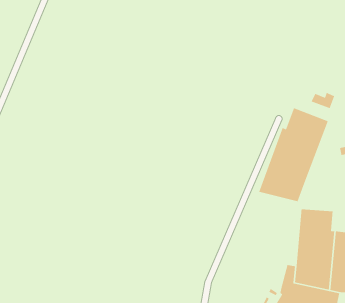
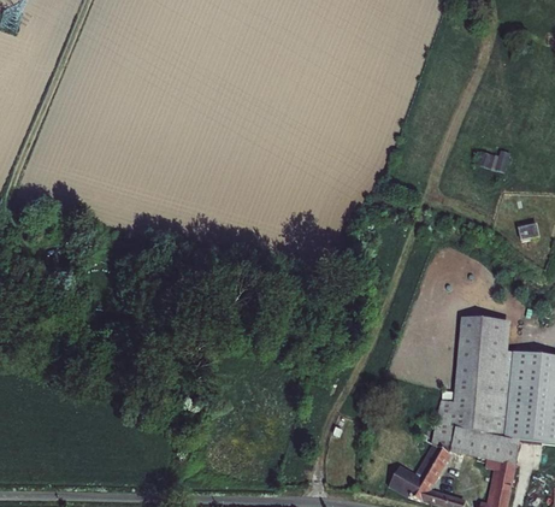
building: [258,107,329,202] -> none

